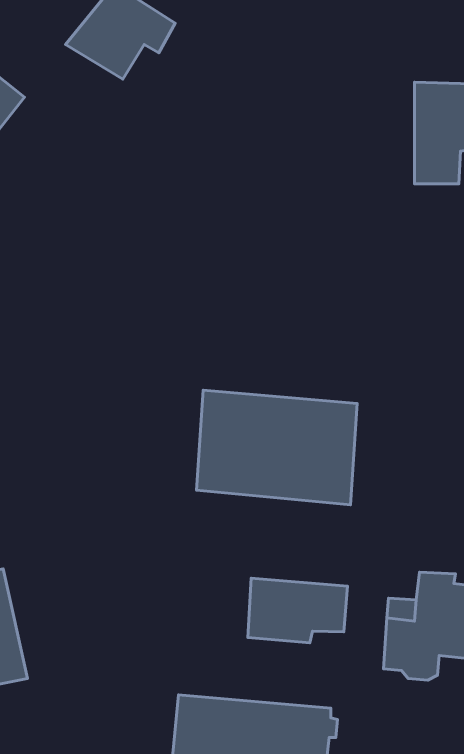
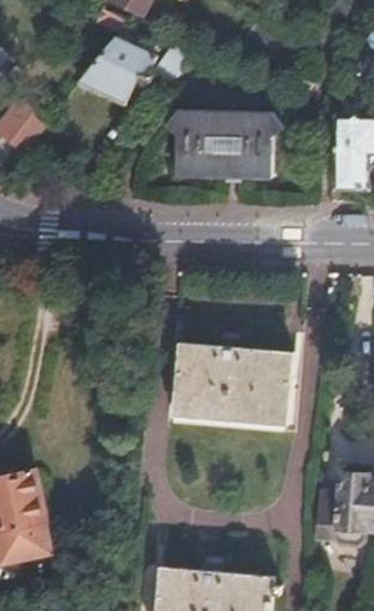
building: none -> [160,112,290,178]
building: [248,578,348,643] -> none

